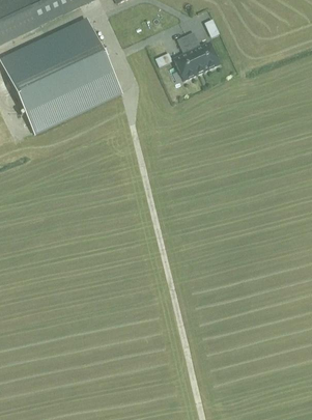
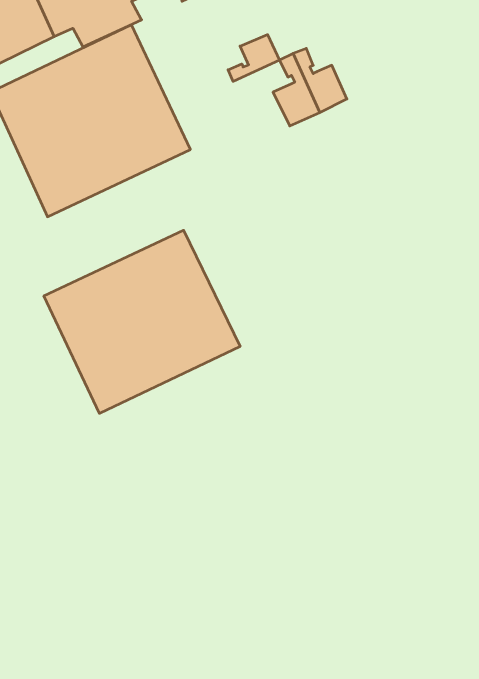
building: none -> [228,35,280,81]
building: none -> [44,230,240,413]

